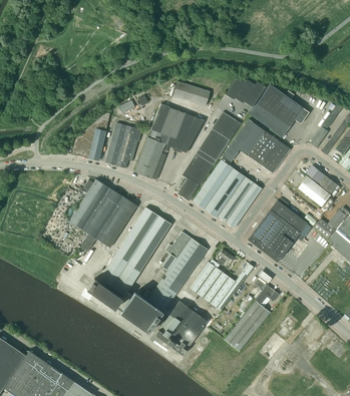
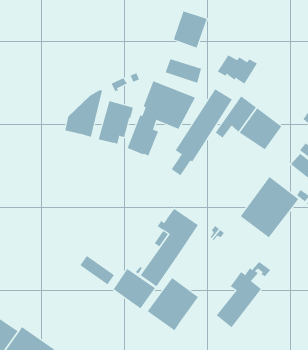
building: none -> [173,10,208,48]
building: [249,84,309,136] -> none
building: [193,159,262,228] -> none
building: [69,178,137,251] -> none
building: [99,207,170,296] -> none
building: [190,262,254,310] -> none

